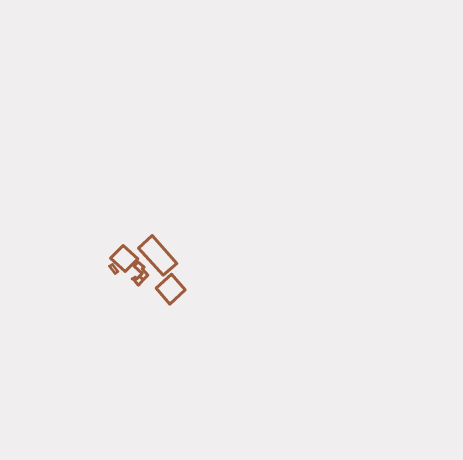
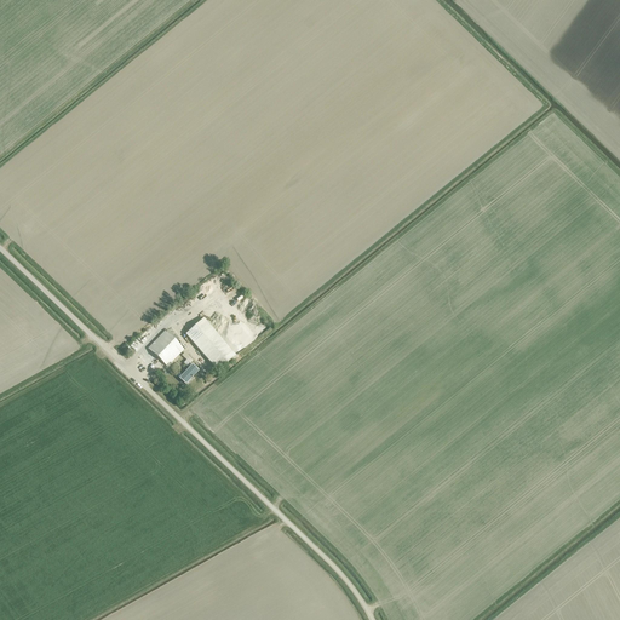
building: [156,274,185,304] -> none

